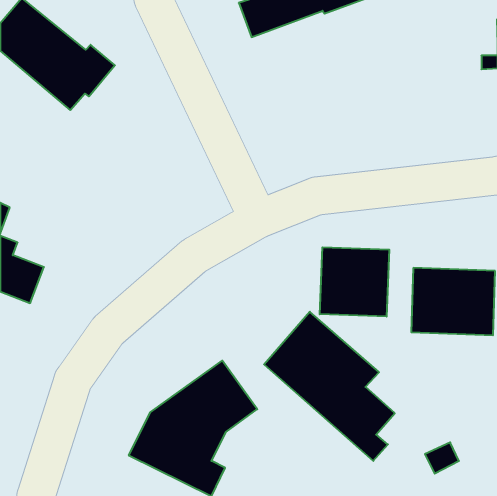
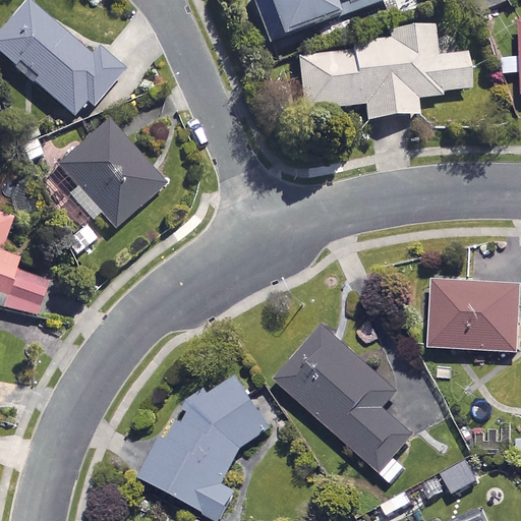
building: none -> [296,22,470,117]
building: none -> [57,120,164,229]
building: [320,247,389,317] -> none

